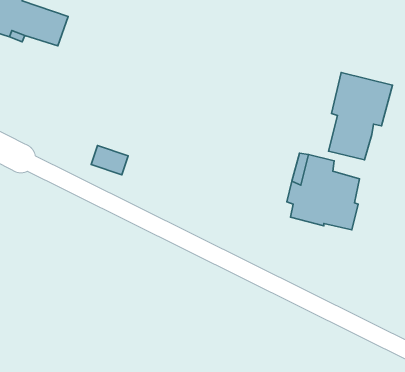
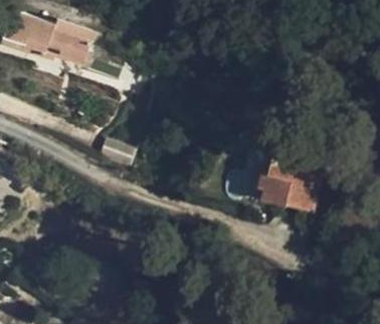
building: [329,72,393,160] -> none

